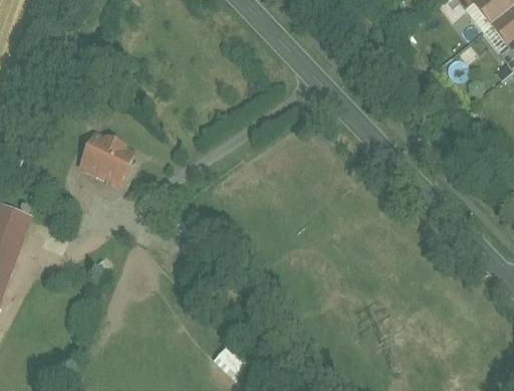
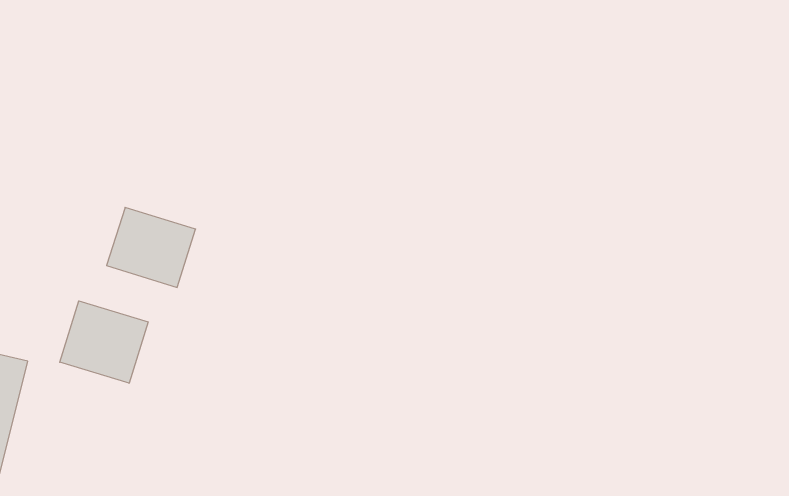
building: none -> [60,301,148,383]

